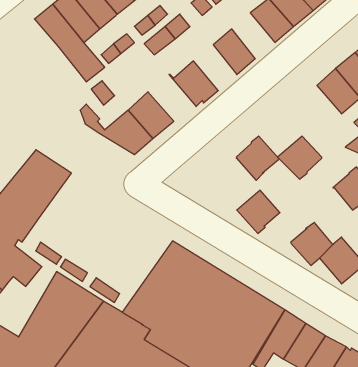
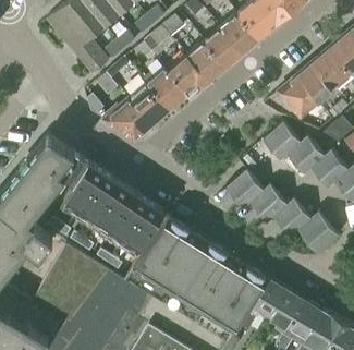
building: none -> [221,14,259,55]
building: none -> [187,43,225,83]
building: none -> [147,69,190,110]
building: none -> [279,79,318,118]
building: [236,136,278,180] -> [288,136,325,176]
building: none -> [36,156,163,251]
building: none -> [249,185,288,224]

